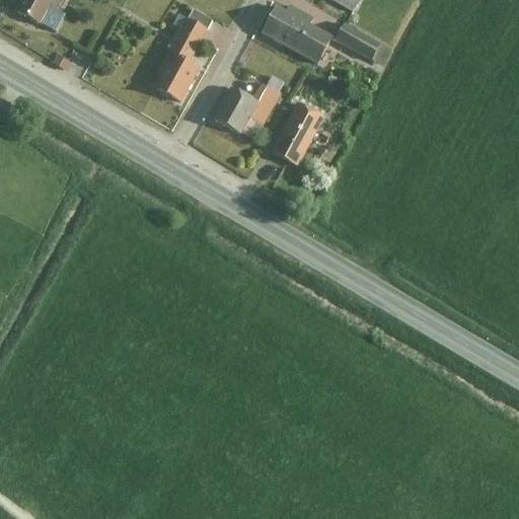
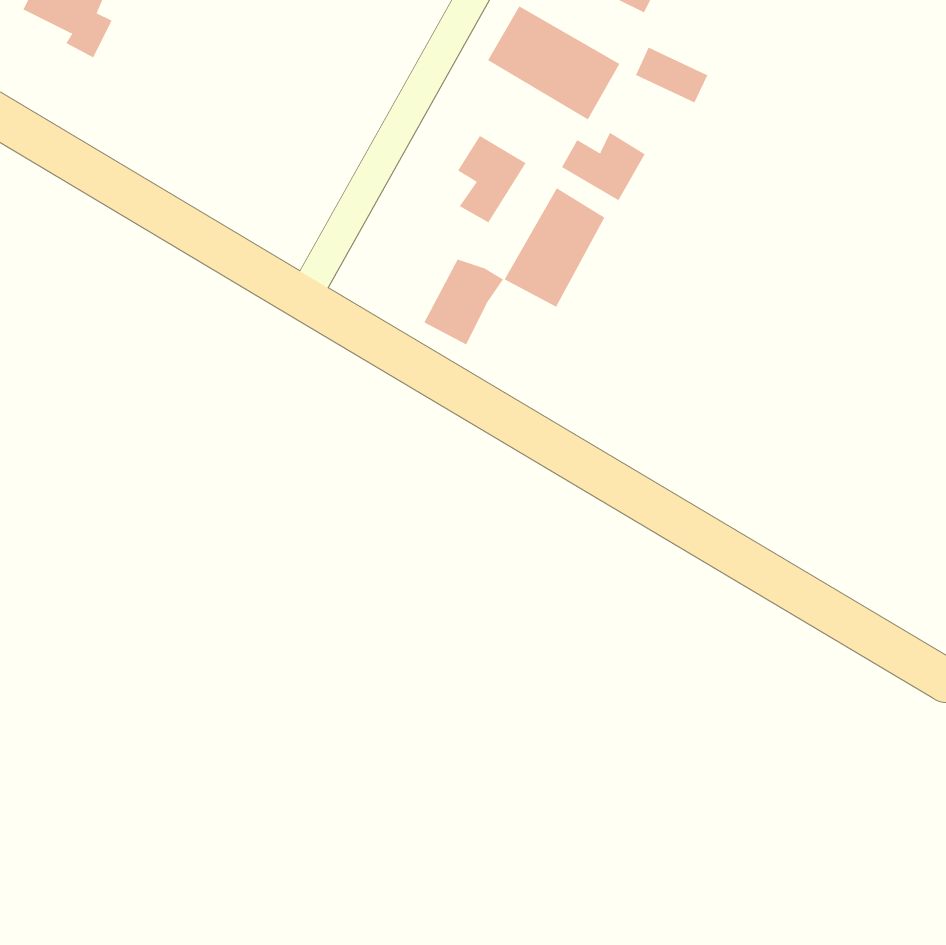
building: [147,8,211,100] -> none
building: none -> [561,132,646,201]
building: [214,87,257,134] -> [423,259,504,345]

